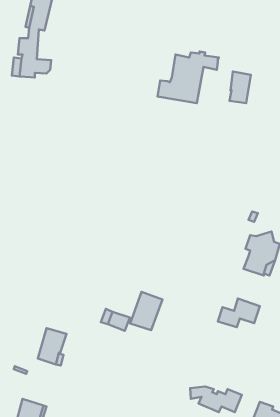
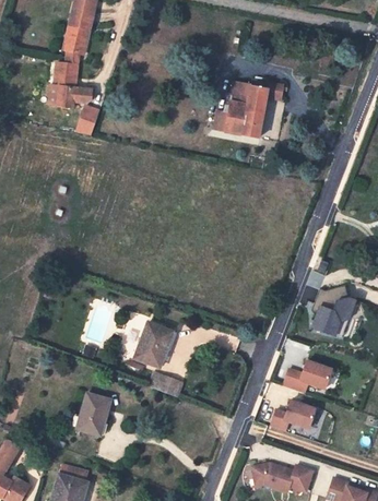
building: [229,72,251,103] -> none
building: none -> [76,106,101,138]
building: [130,292,163,330] -> [134,323,172,367]
building: none -> [269,401,315,432]

